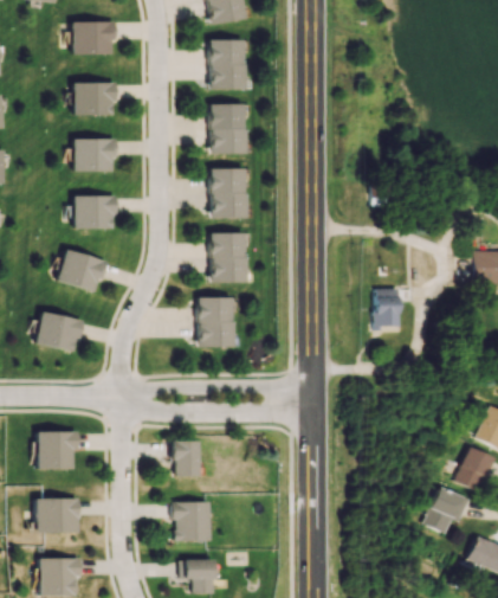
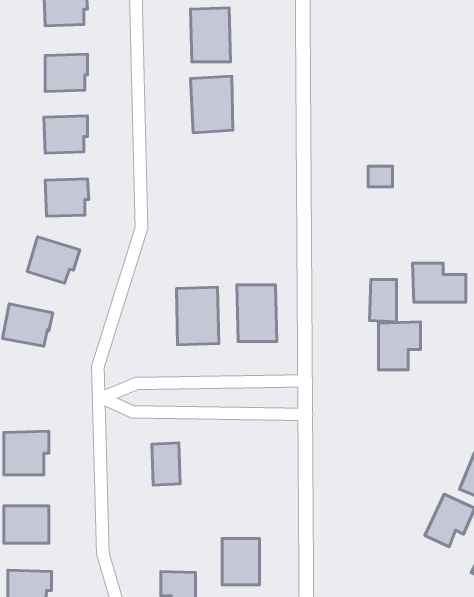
building: [209,168,248,221] -> none
building: [211,232,247,284] -> [237,285,277,341]
building: none -> [412,263,466,302]
building: none -> [378,322,421,370]
building: [176,501,211,544] -> [222,538,260,585]

